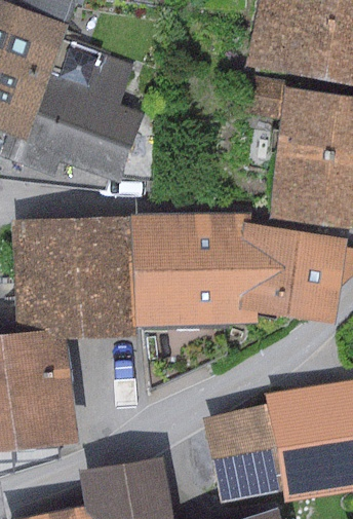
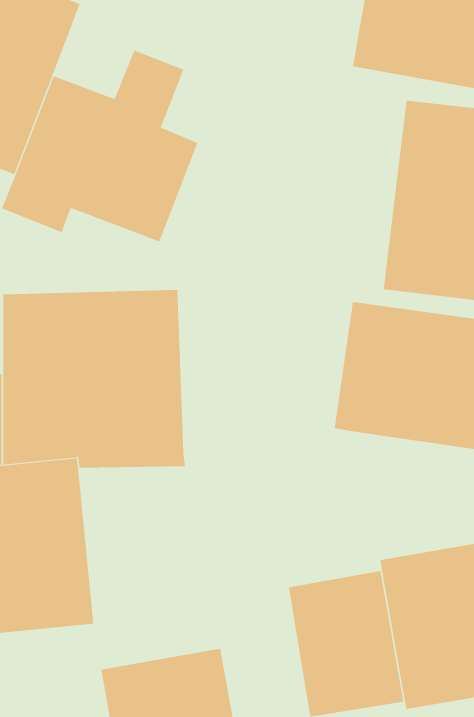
building: [131,216,257,326] -> none

